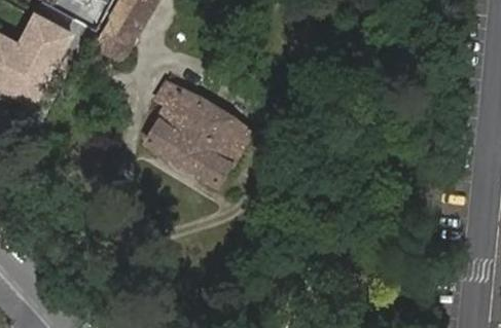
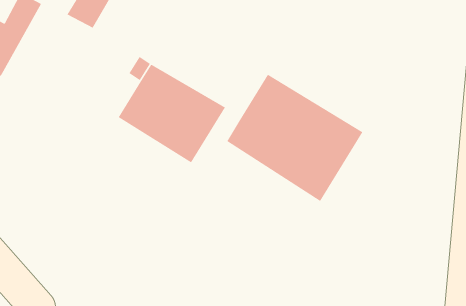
building: none -> [226,74,363,202]

